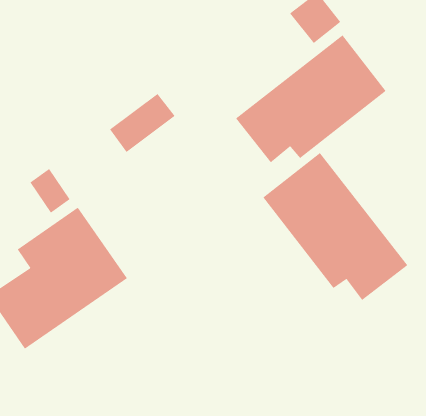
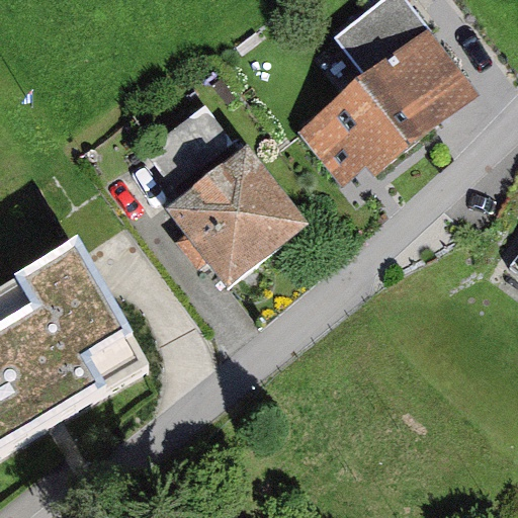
building: none -> [149,155,295,299]
building: [262,152,408,301] -> none

